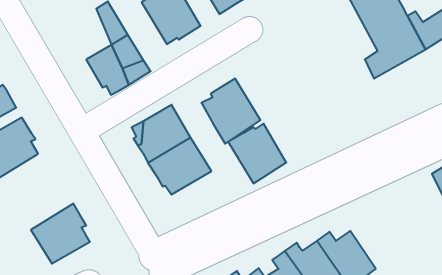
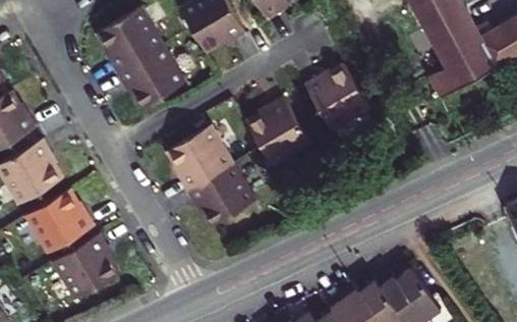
building: none -> [98,16,146,73]
building: [228,124,286,183] -> [301,64,366,131]
building: none -> [26,192,98,255]

